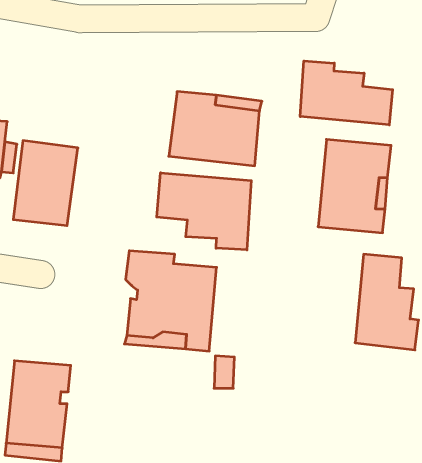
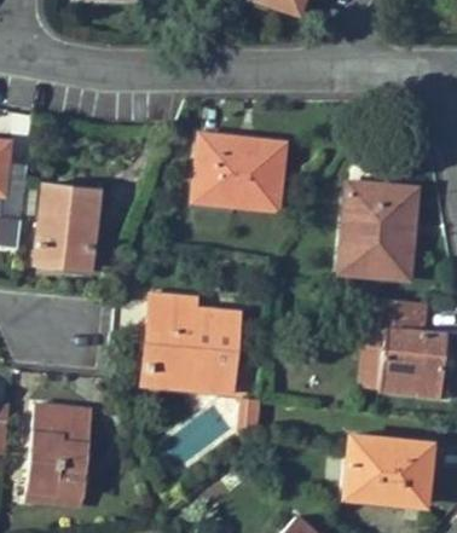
building: [300,61,393,125] -> none
building: [157,173,251,250] -> none
building: none -> [346,435,434,503]

